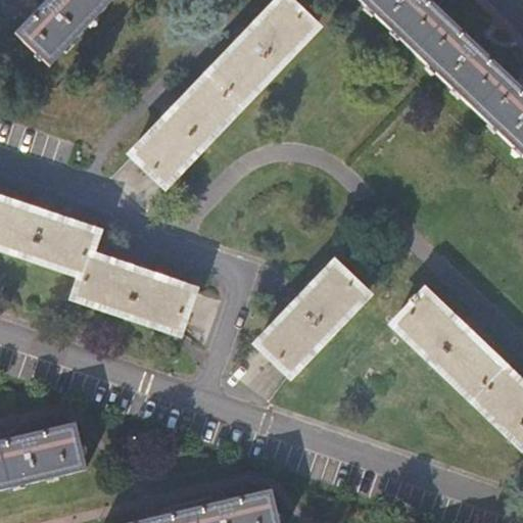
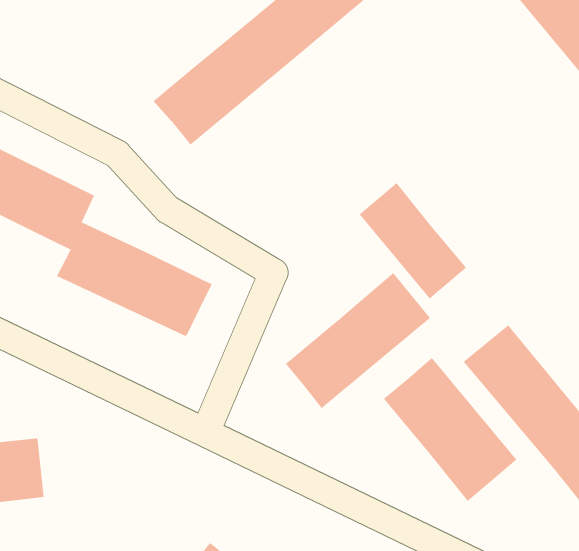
building: none -> [359,182,466,300]
building: none -> [384,357,517,502]

